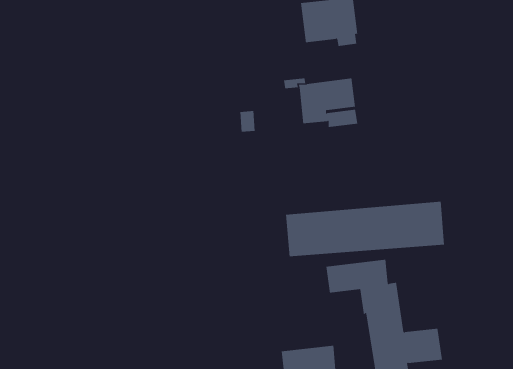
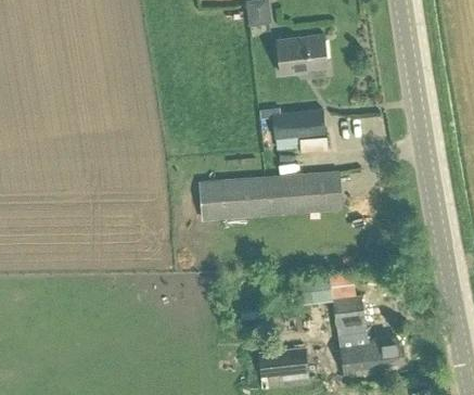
building: [285,201,445,257] -> [198,169,342,219]

